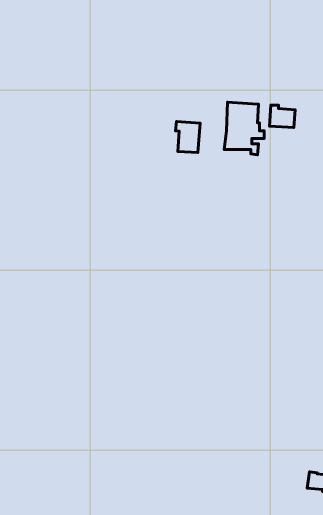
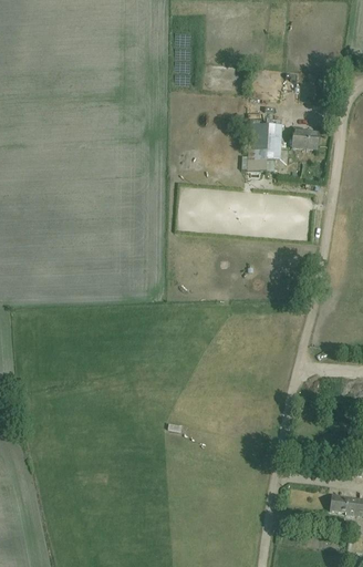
building: [175,121,200,153] -> none

